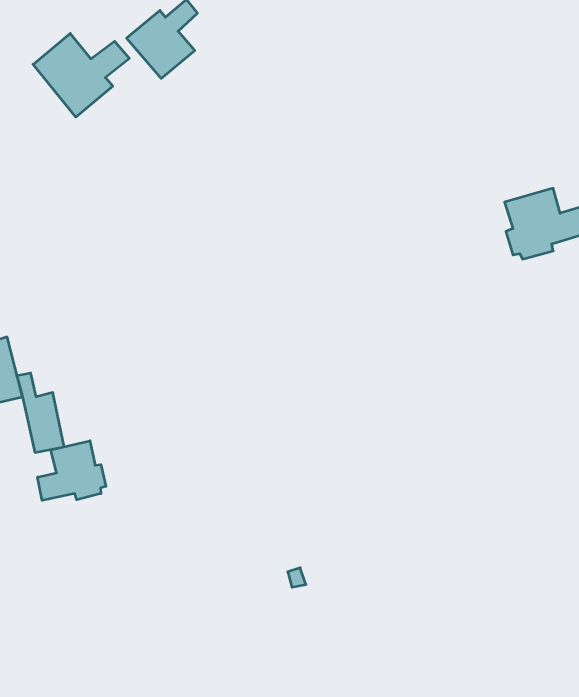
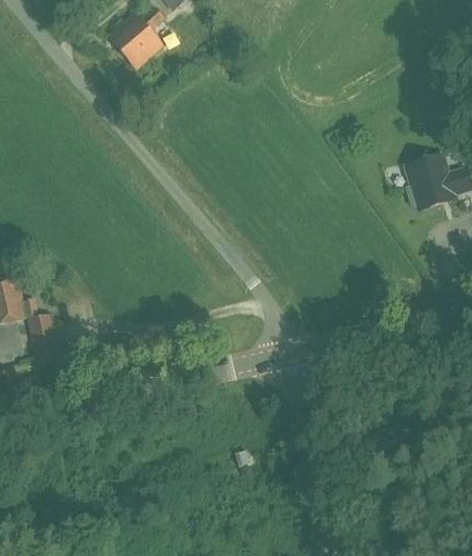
building: [33,33,129,117] -> none
building: [38,441,106,500] -> none

